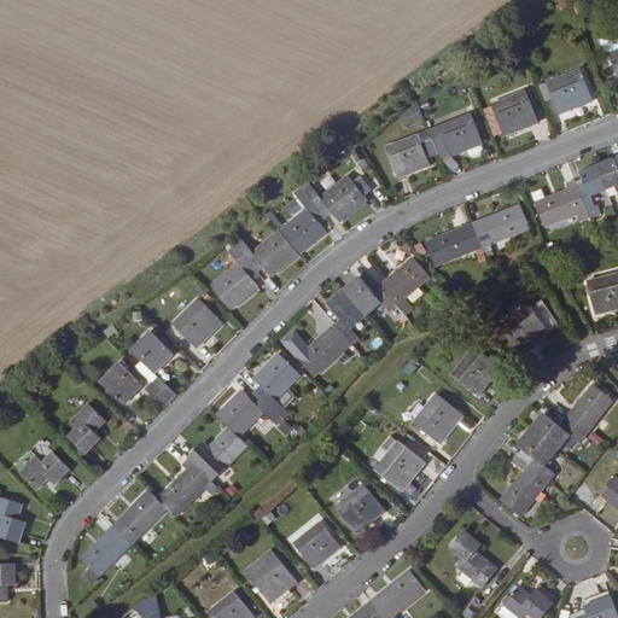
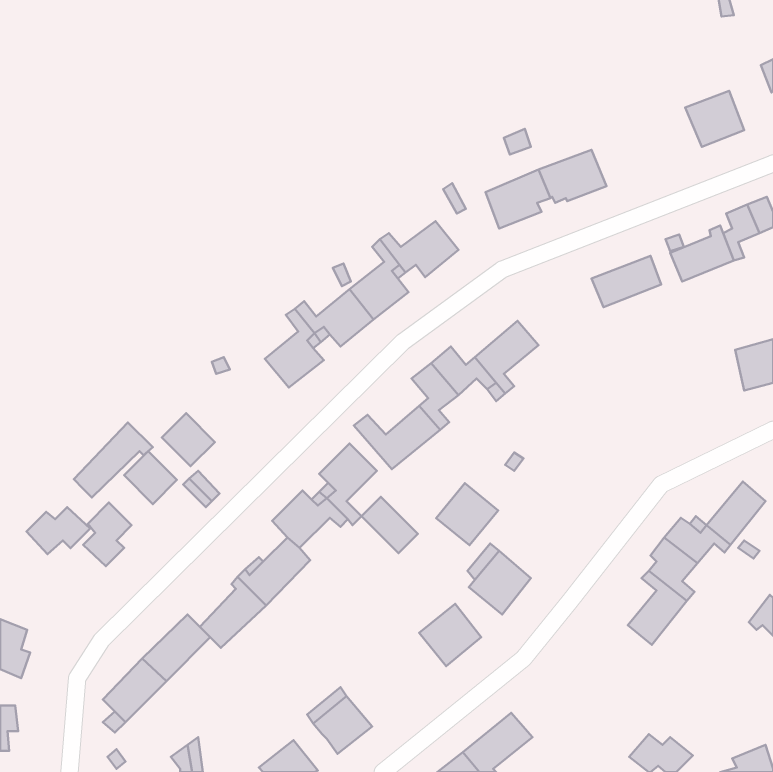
building: [492,94,538,140] -> none
building: [426,222,482,264] -> none
building: [171,298,221,348] -> none
building: [500,303,548,351] -> none
building: none -> [74,422,153,498]
building: [451,345,500,395] -> none
building: [413,392,462,442] -> [436,483,498,545]
building: none -> [362,497,418,553]
building: [18,450,69,488] -> [26,507,90,554]
building: [293,519,340,566] -> none
building: [449,530,497,587] -> none

